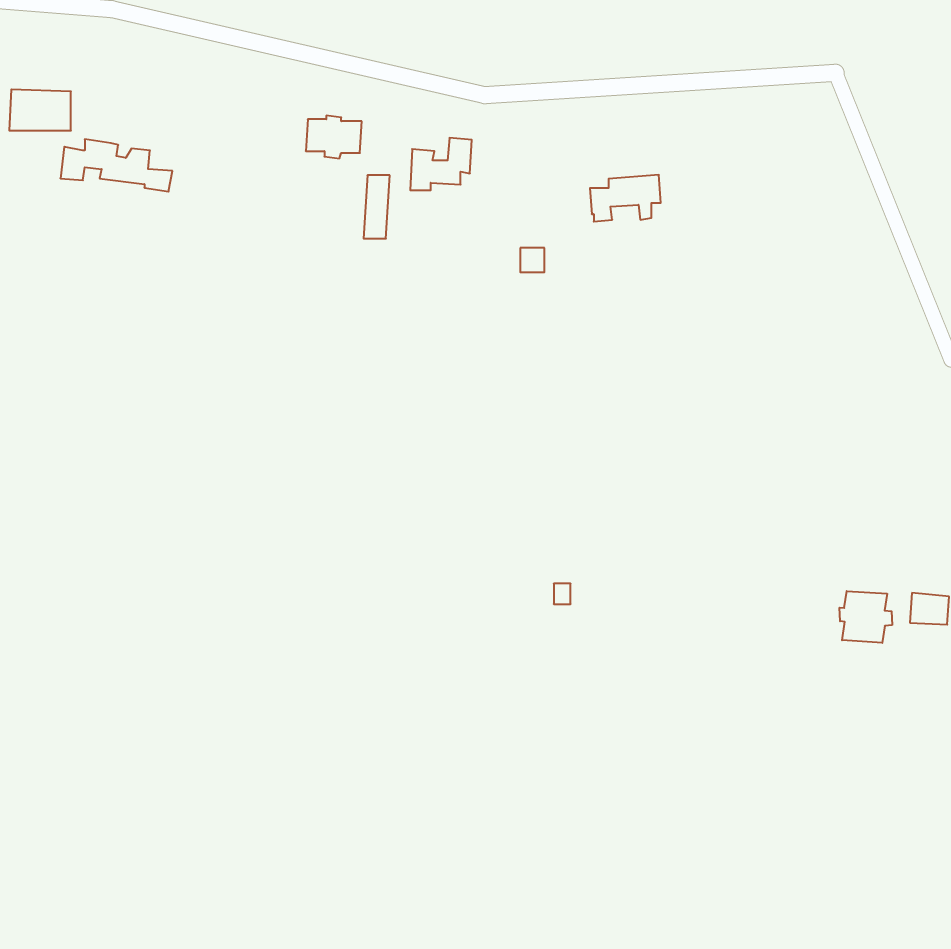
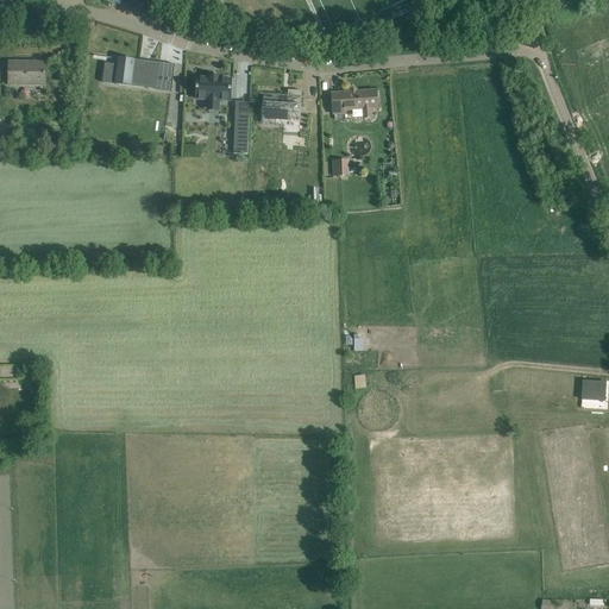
building: [60,139,172,192] -> [101,56,172,89]
building: [590,175,661,222] -> [331,88,376,118]
building: [840,591,892,643] -> none

